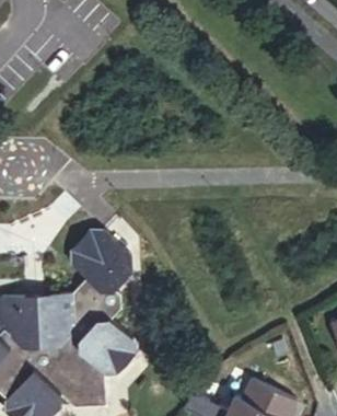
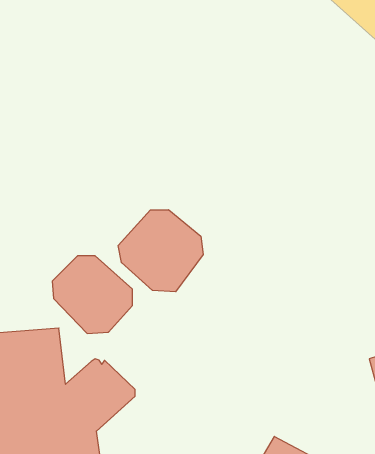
building: none -> [118,210,203,292]

